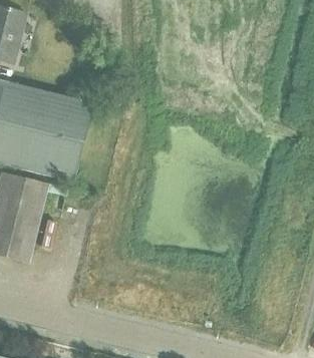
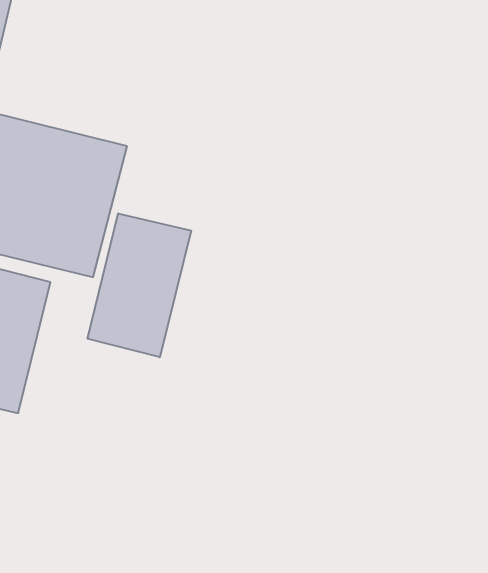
building: none -> [88,213,191,357]

